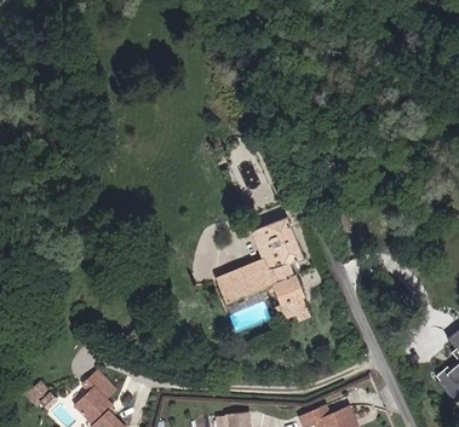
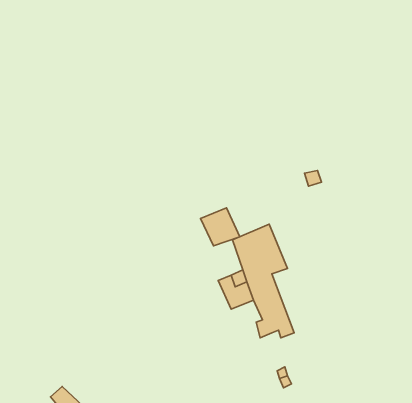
building: [216,269,252,304] -> [200,208,240,246]

